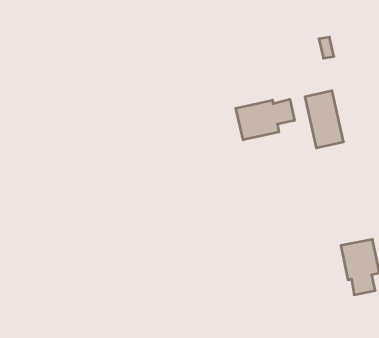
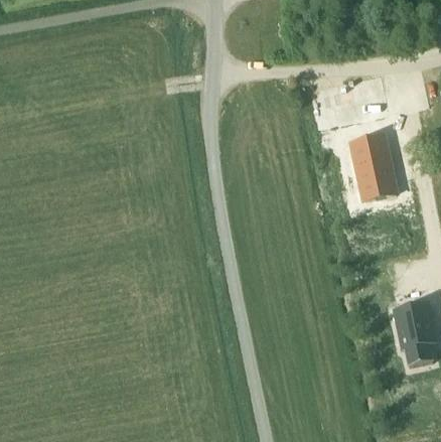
building: [236,99,294,140] -> none

